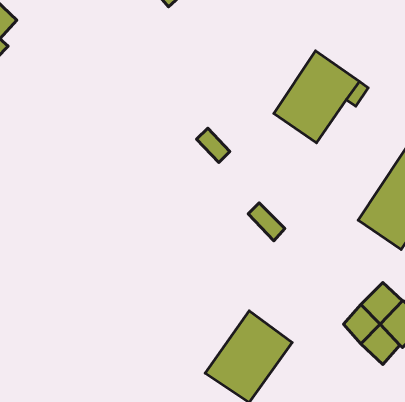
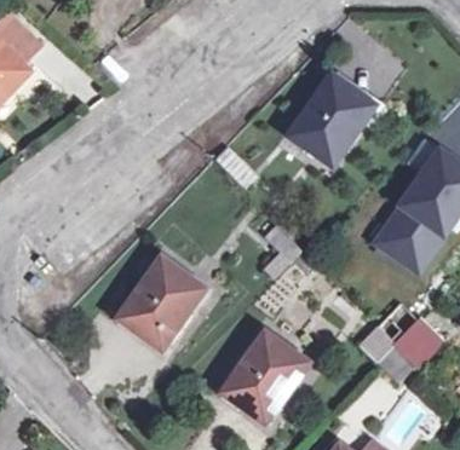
building: none -> [117,256,205,348]

